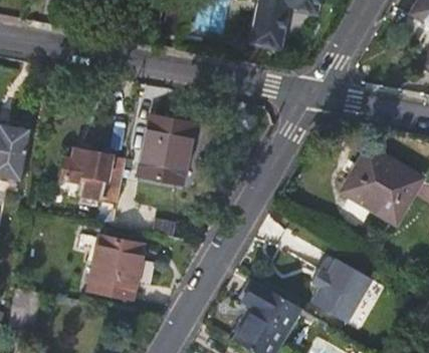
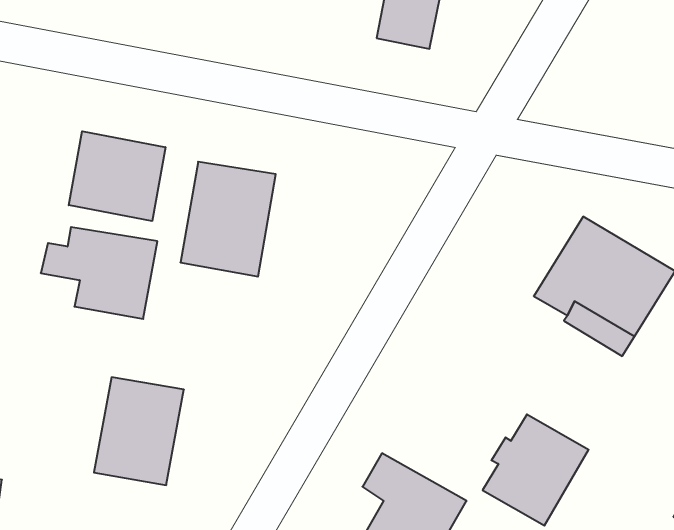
building: none -> [69,131,165,221]

